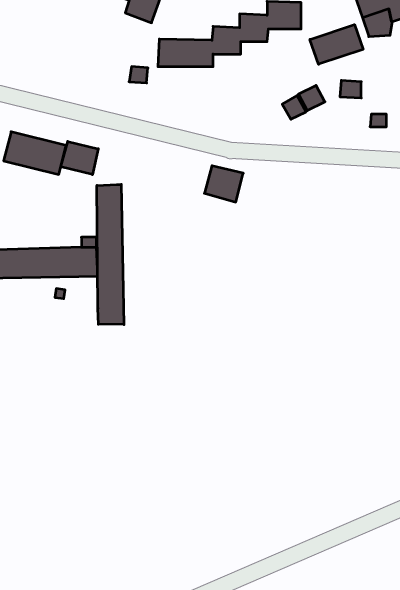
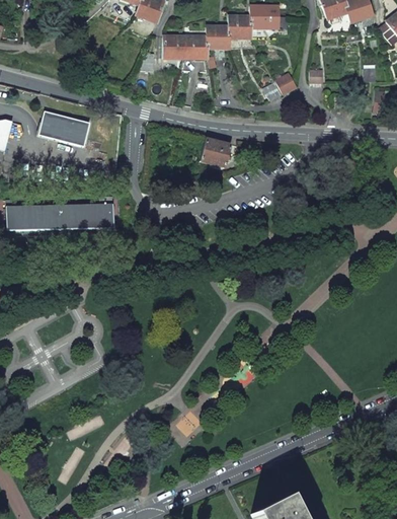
building: [310,25,363,64] -> none
building: [61,141,98,175] -> none
building: [97,184,124,325] -> none

